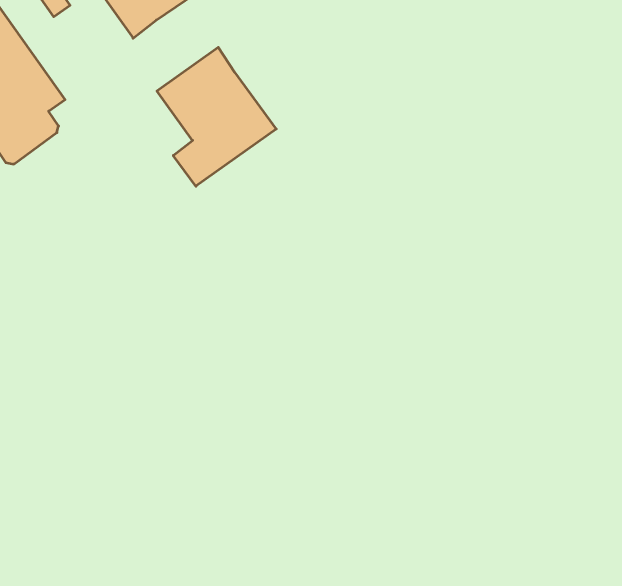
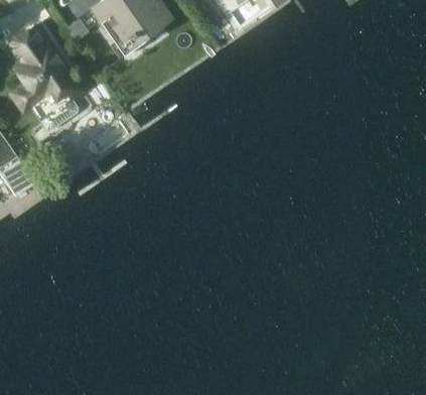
building: [157,47,276,186] -> none

